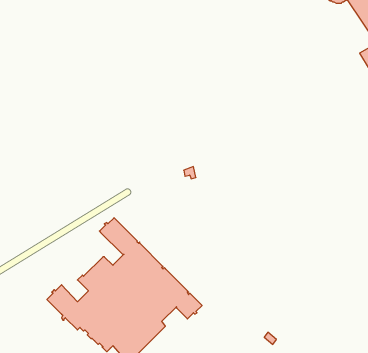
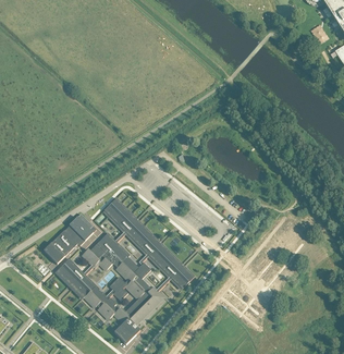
building: none -> [42,212,96,264]

